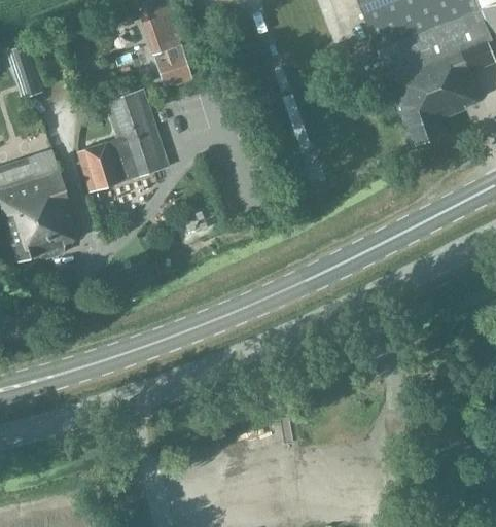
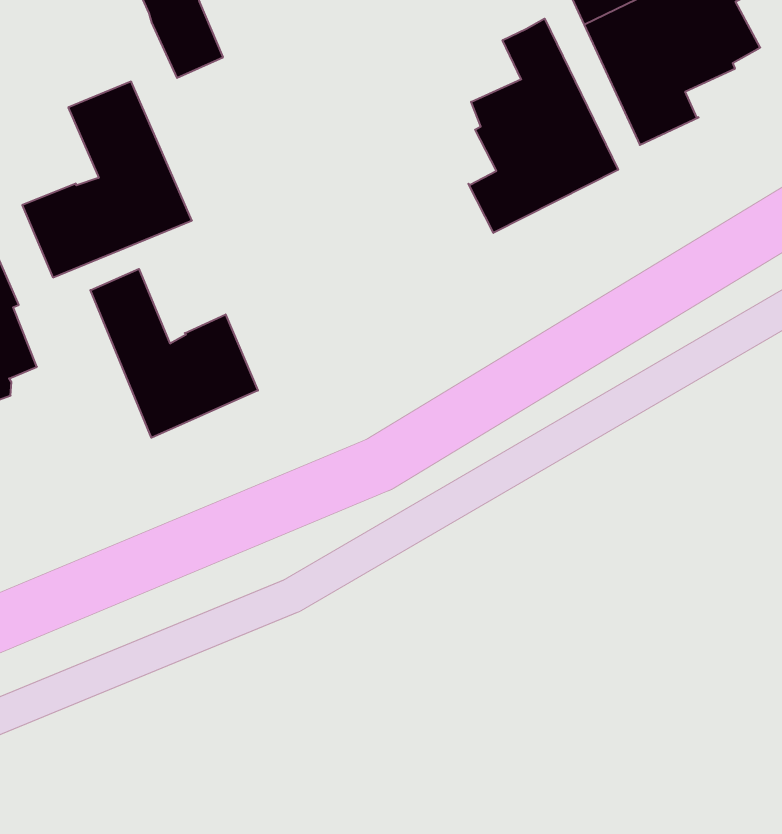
building: none -> [468,19,618,233]
building: none -> [90,269,258,438]

